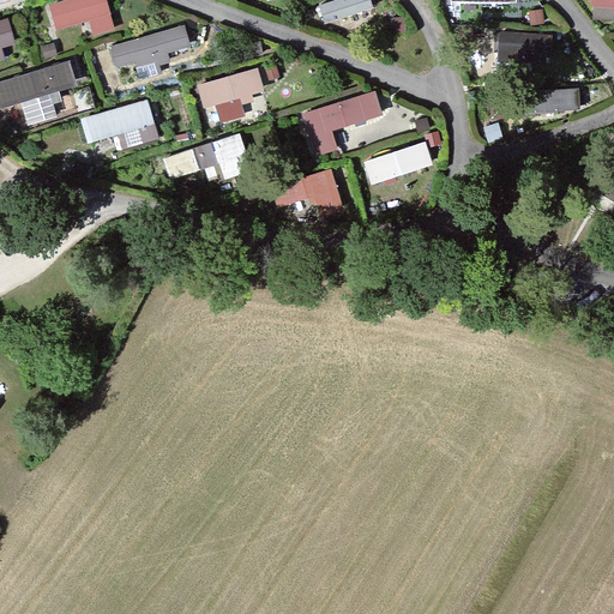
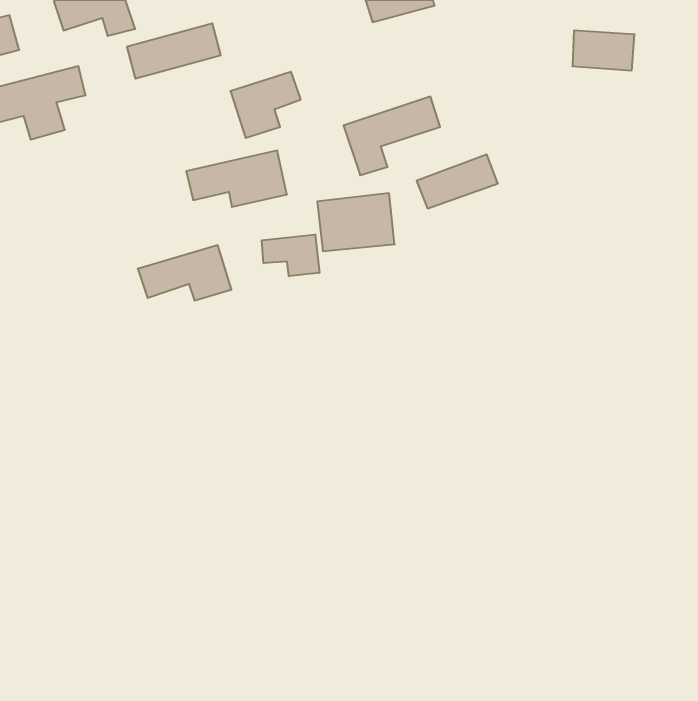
building: [536,88,584,114] -> none
building: [79,98,161,146] -> [138,245,232,300]
building: none -> [262,234,319,276]

